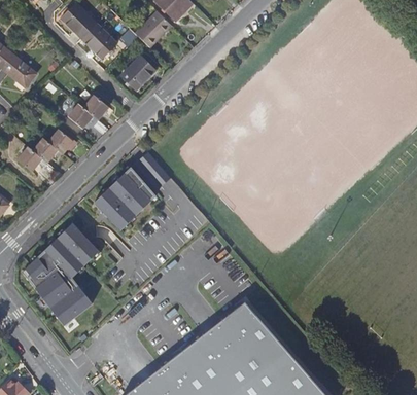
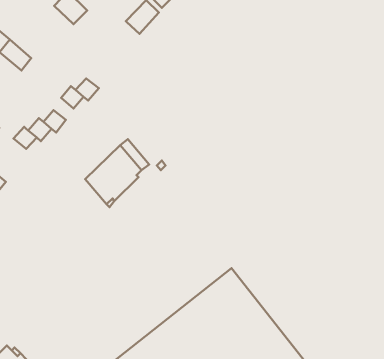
building: [81,24,117,59] -> none
building: [120,56,155,91] -> none
building: [25,223,98,323] -> none

